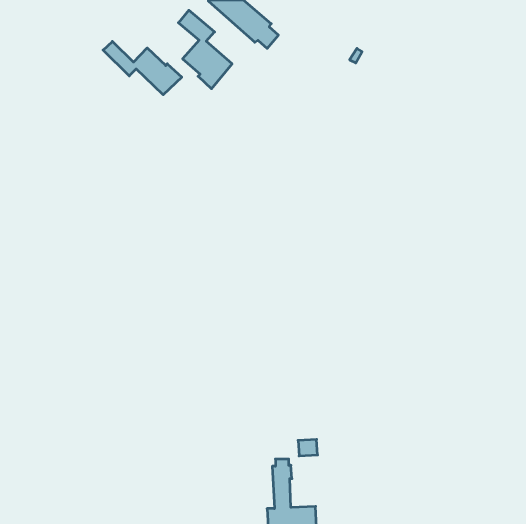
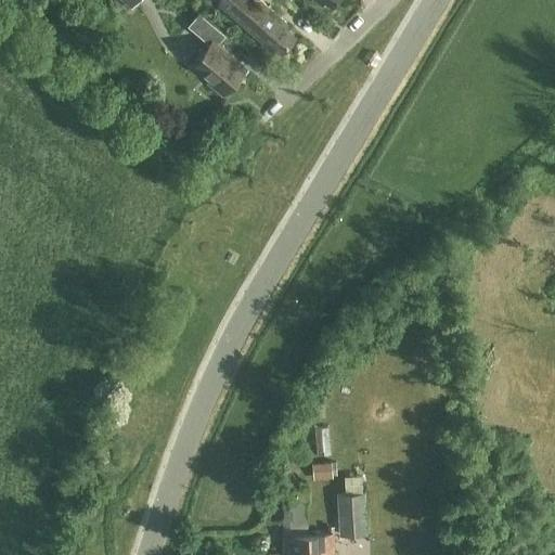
building: [103,41,182,95] -> none
building: none -> [338,495,369,539]

